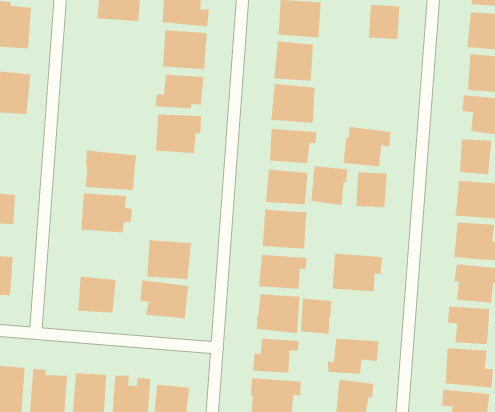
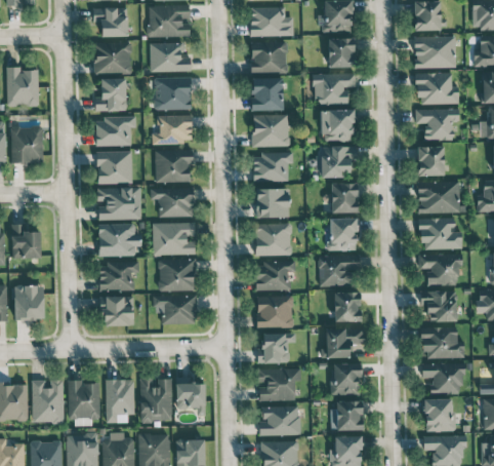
building: none -> [94,78,127,112]
building: none -> [314,73,356,105]
building: none -> [95,117,136,146]
building: none -> [321,110,355,142]
building: none -> [96,151,132,184]
building: none -> [151,188,194,217]
building: [310,166,348,206] -> [328,219,358,250]
building: none -> [153,222,195,256]
building: none -> [99,263,139,290]
building: [300,298,332,334] -> [334,293,361,321]

